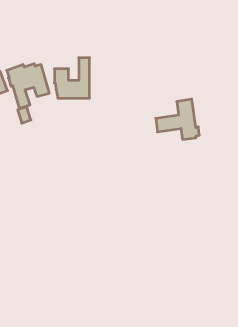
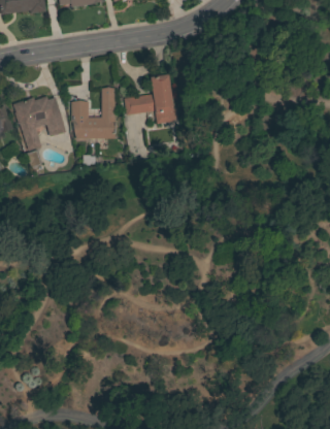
building: [156,99,199,139] -> [124,74,177,124]

